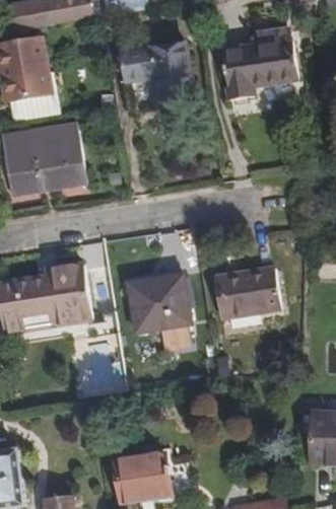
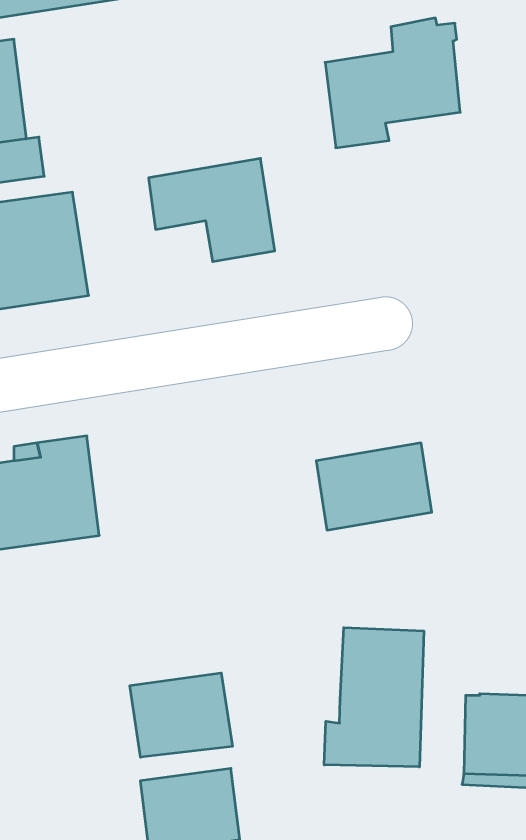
building: [121,40,193,98] -> [149,158,275,262]
building: [129,274,192,333] -> none
building: none -> [324,628,424,767]
building: none -> [130,673,232,757]

